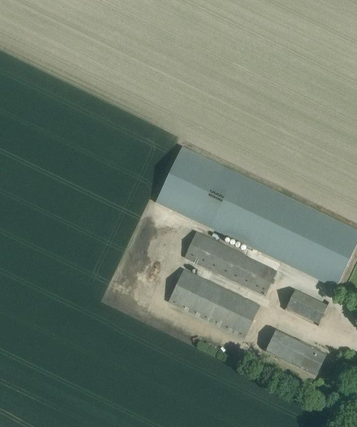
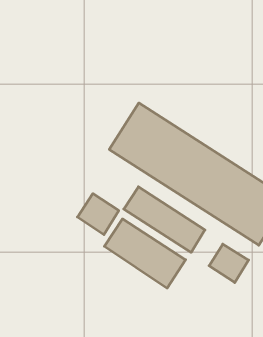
building: none -> [77,194,119,235]
building: [263,335,323,380] -> none

